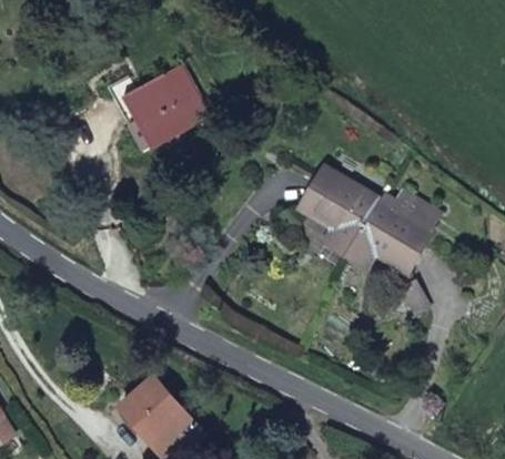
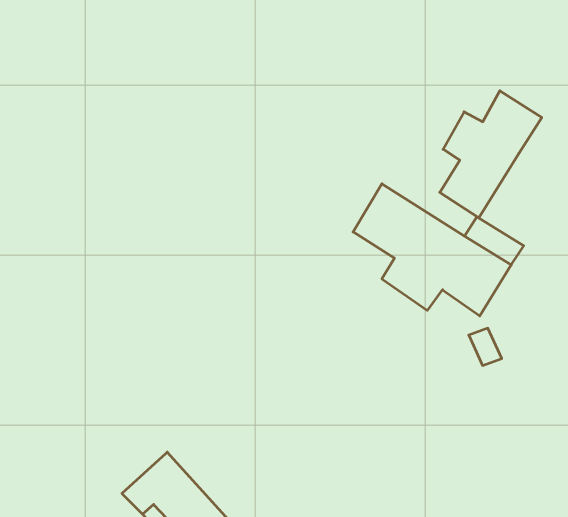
building: [108,63,209,151] -> none
building: none -> [440,91,542,218]

